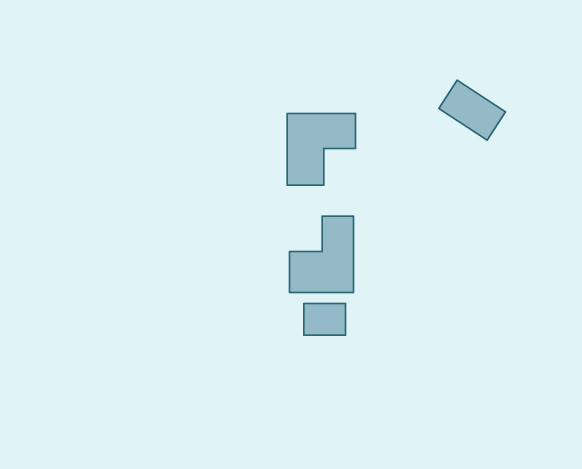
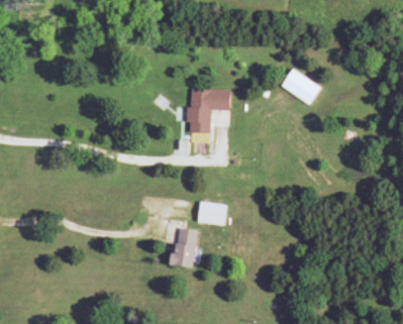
building: [289,216,353,292] -> none
building: none -> [169,228,197,266]

